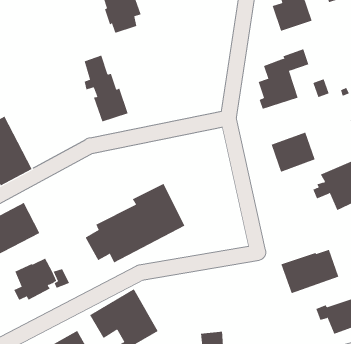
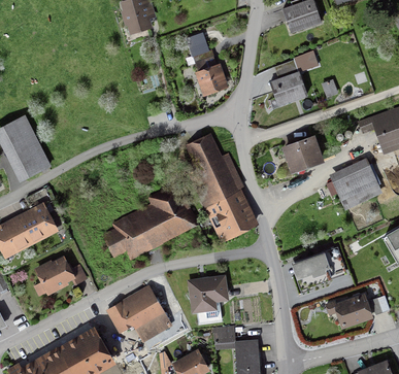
building: [84,55,129,122] -> [186,34,229,99]
building: none -> [187,133,259,242]
building: none -> [188,274,229,327]

